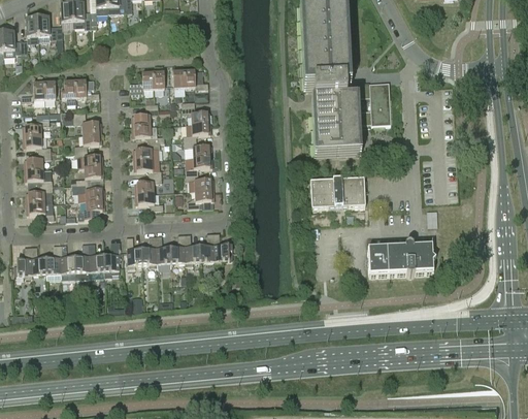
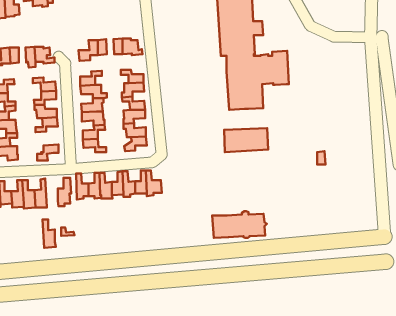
building: [73,183,104,200] -> none
building: [88,241,104,277] -> [42,219,56,248]
building: [367,241,435,275] -> [212,211,267,238]

